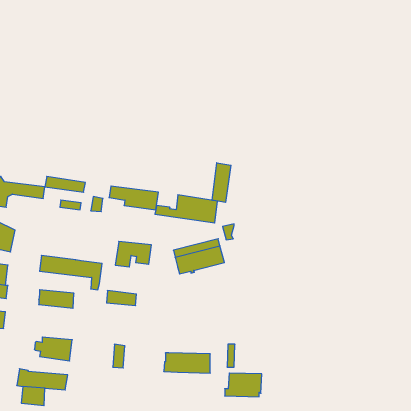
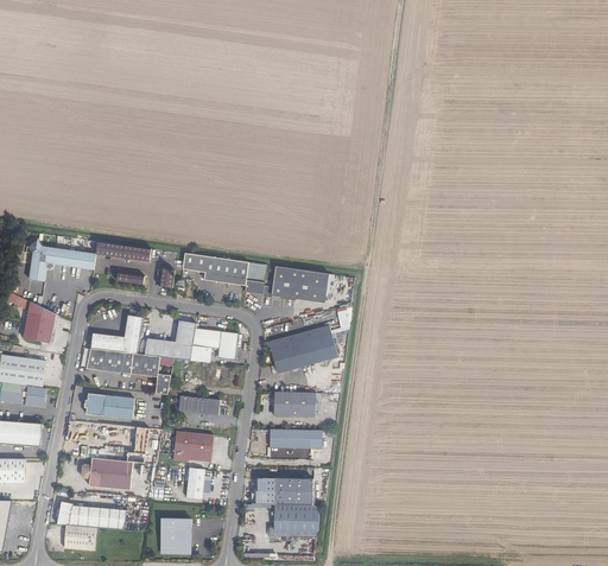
building: [212,163,231,202] -> none
building: none -> [90,314,142,352]
building: none -> [144,319,196,360]
building: none -> [277,392,322,416]
building: none -> [175,430,215,456]
building: none -> [268,430,322,449]
building: [225,373,262,397] -> [268,504,318,536]
building: none -> [160,517,191,551]

